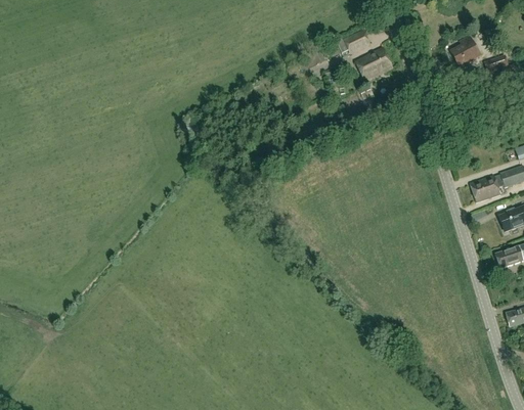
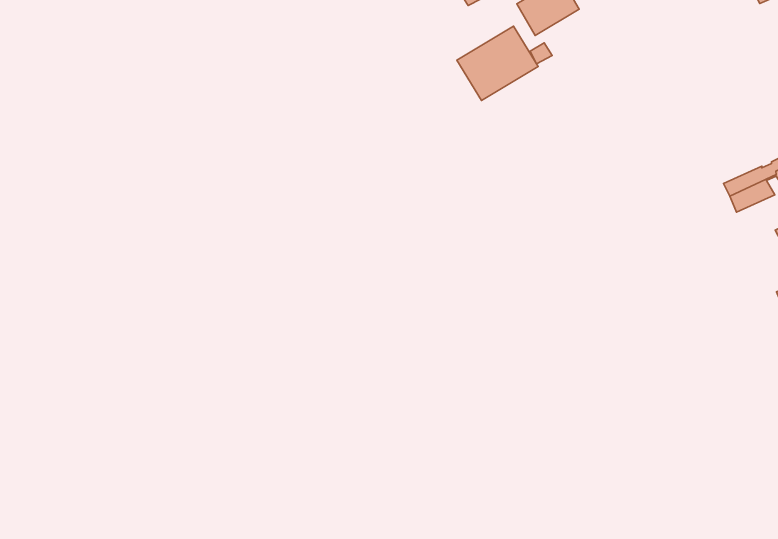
building: none -> [457,26,538,100]

